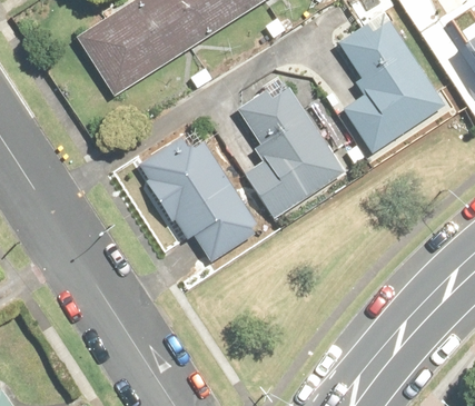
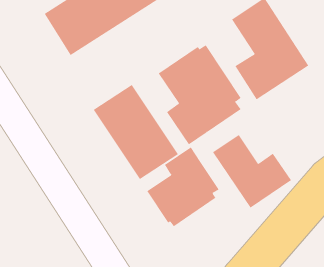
building: none -> [212,134,292,208]
building: none -> [147,147,220,227]

